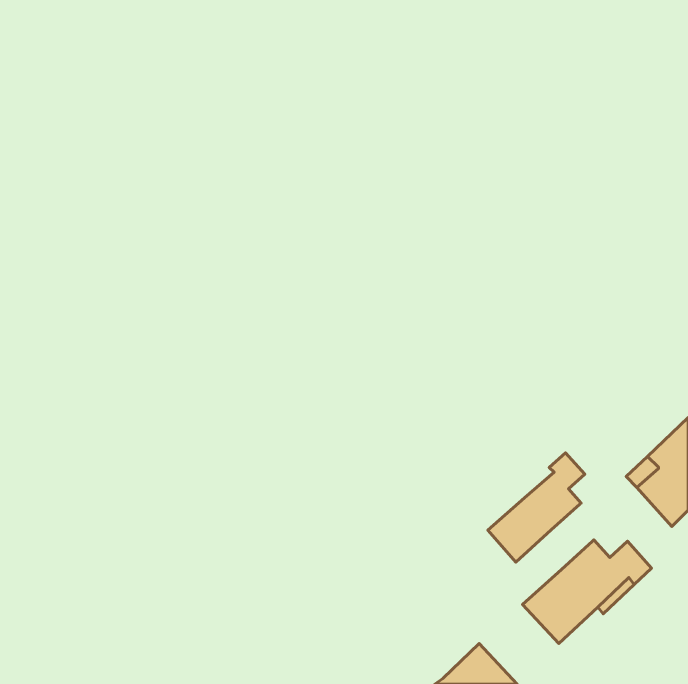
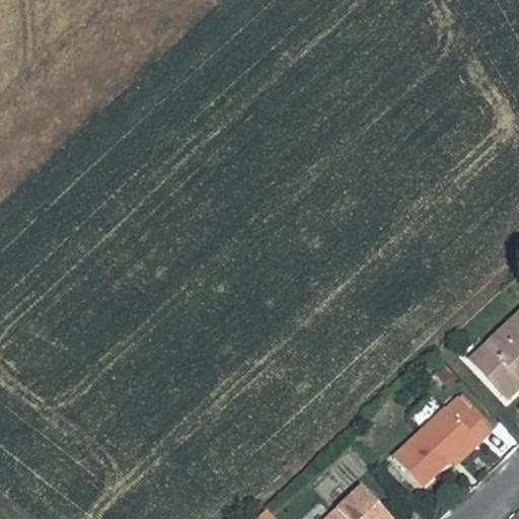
building: [488,453,585,562] -> none

